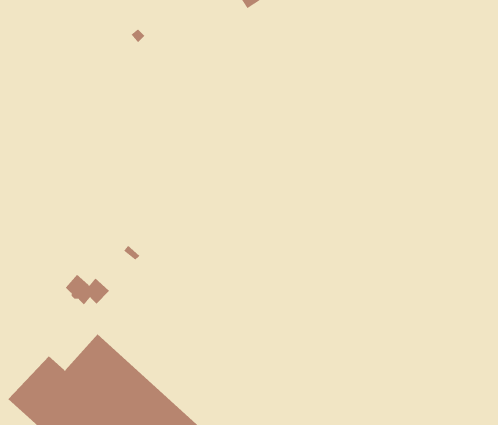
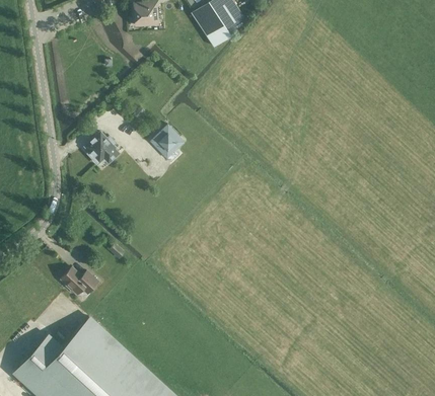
building: none -> [150,124,186,159]
building: none -> [84,133,119,164]

